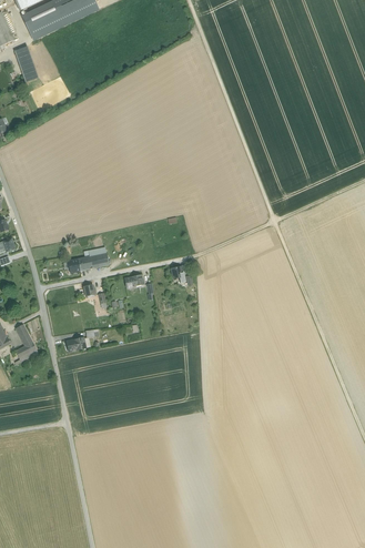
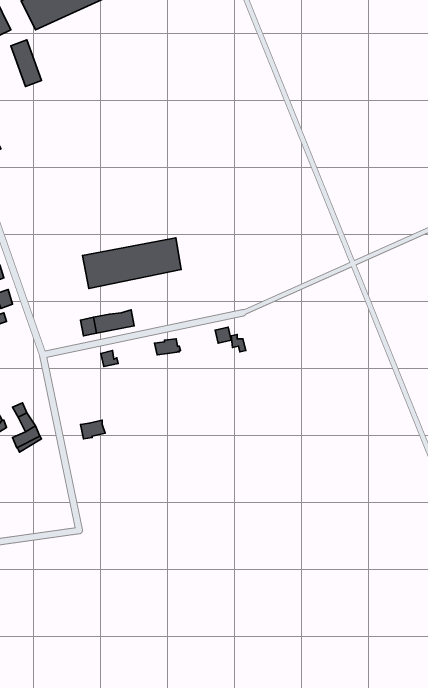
building: none -> [83,238,181,289]

